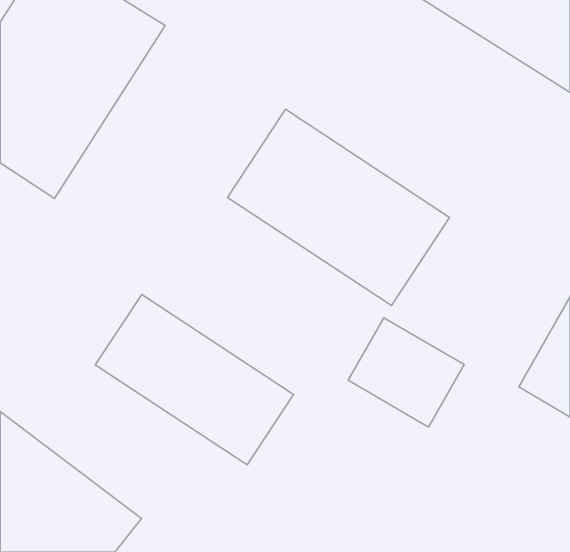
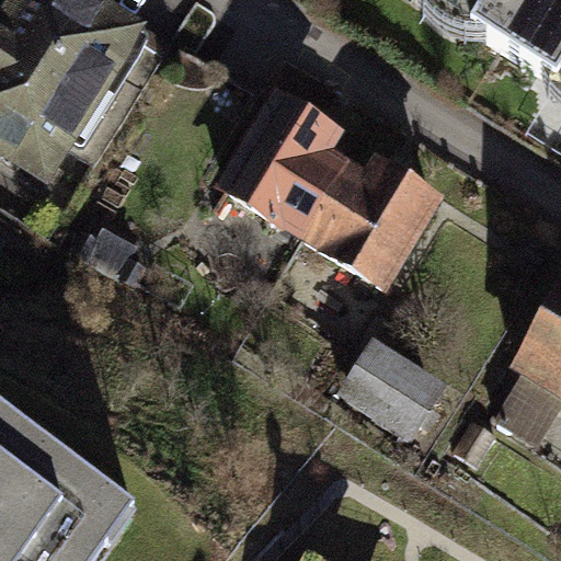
building: [95,294,294,465] -> none

